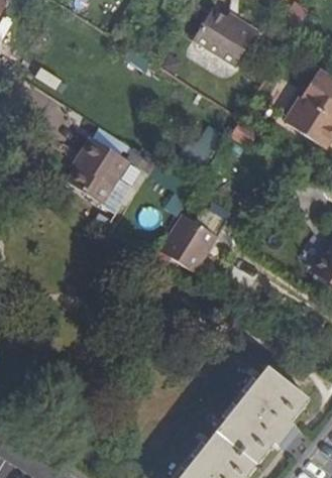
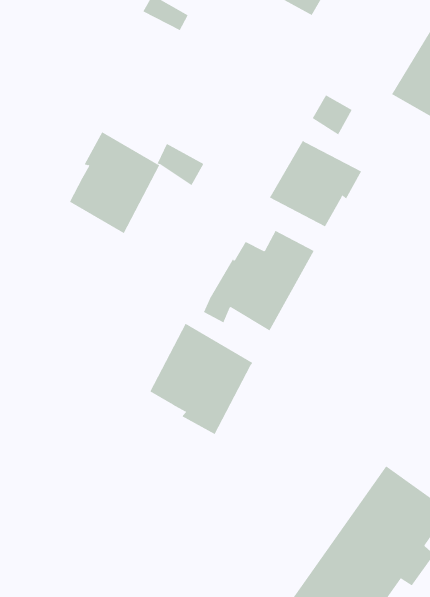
building: none -> [269,140,362,227]
building: none -> [149,323,253,435]

